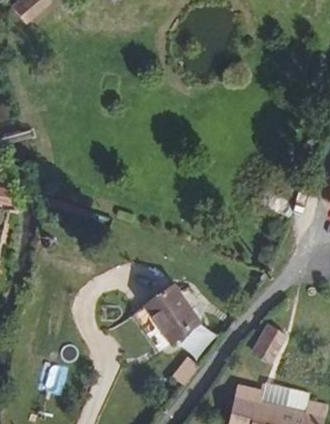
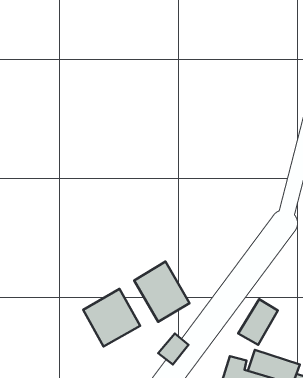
building: none -> [83,289,140,347]

